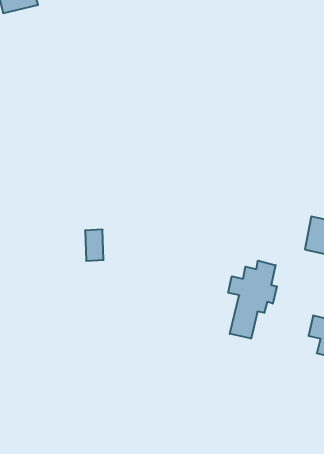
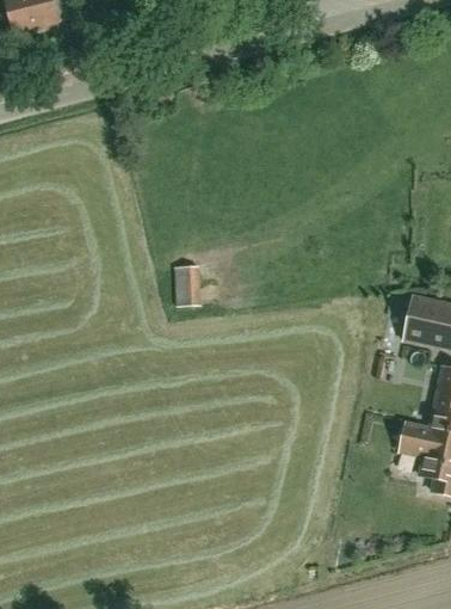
building: [85,230,104,261] -> [175,265,199,306]
building: [228,261,277,339] -> none

